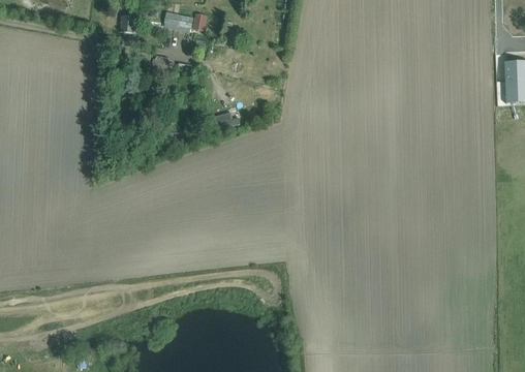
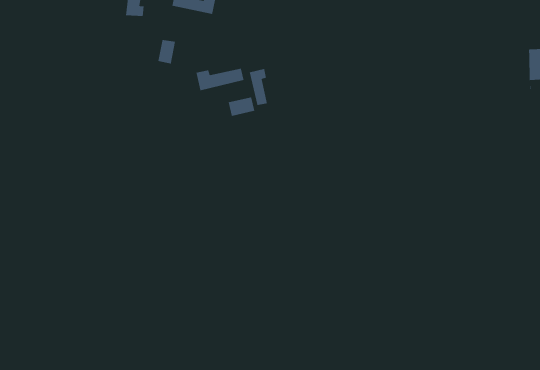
building: none -> [196,68,244,91]
building: none -> [249,68,267,106]

